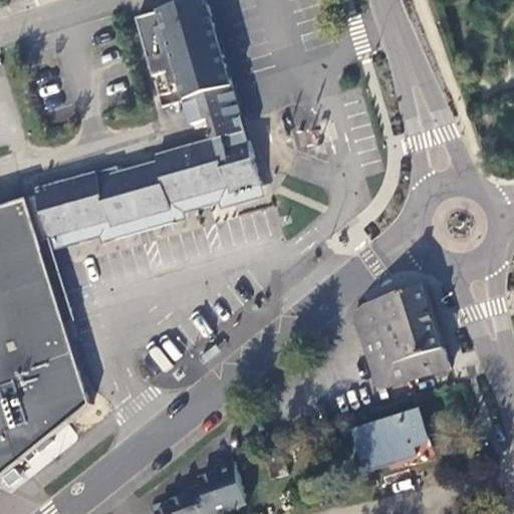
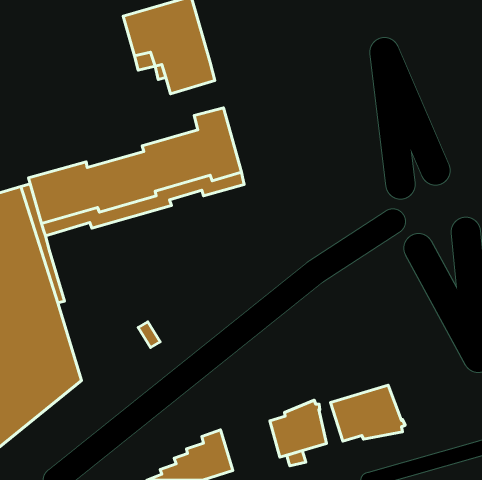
building: [181,85,237,124] -> none
building: [351,283,447,384] -> none
building: none -> [270,400,326,457]

